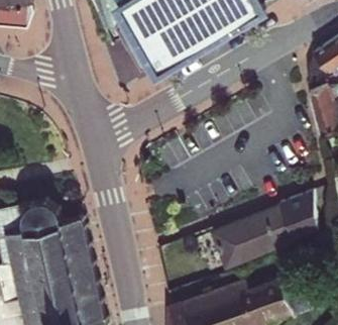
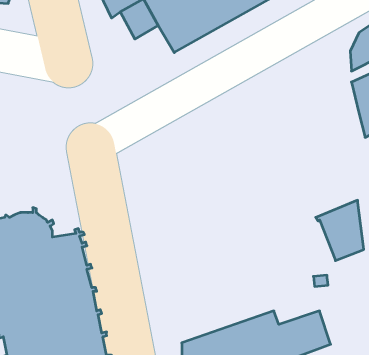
building: [213,206,295,266] -> none

